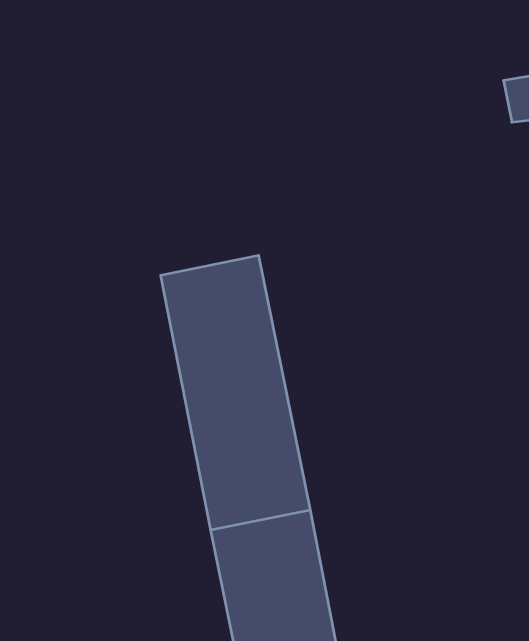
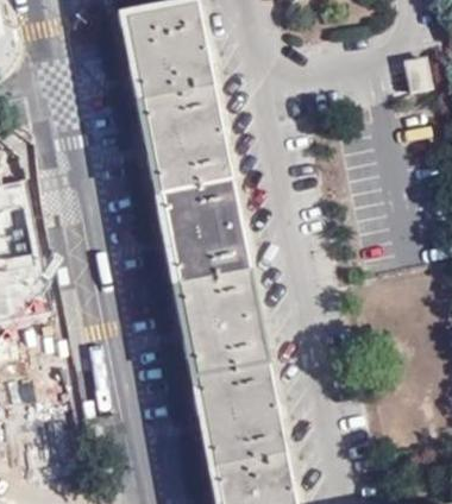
building: none -> [124,7,228,199]

